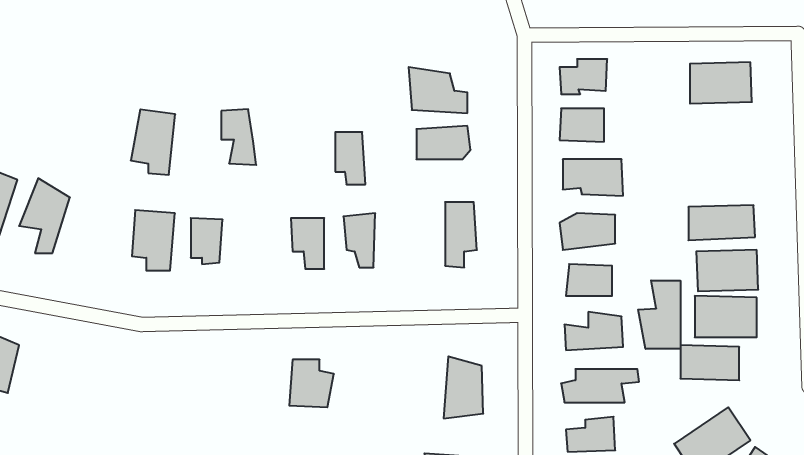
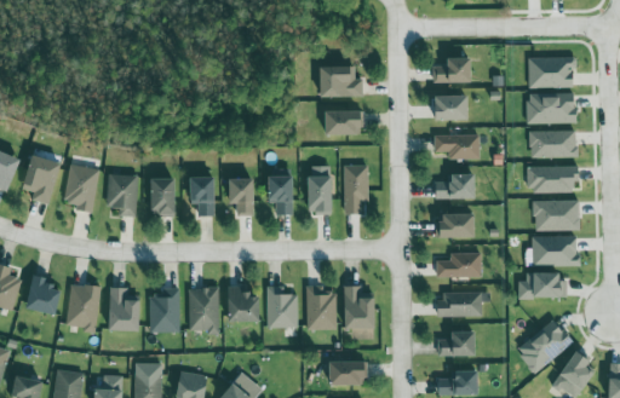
building: none -> [529,93,579,125]
building: [221,109,256,165] -> [189,175,216,218]
building: [131,109,175,175] -> [63,162,97,212]
building: [335,132,365,184] -> [308,174,331,214]
building: none -> [532,131,579,158]
building: [638,280,680,349] -> none
building: none -> [27,272,59,317]
building: none -> [64,281,99,328]
building: none -> [265,284,298,327]
building: none -> [107,285,139,330]
building: none -> [189,287,218,333]
building: none -> [306,287,335,330]
building: none -> [151,290,178,336]

